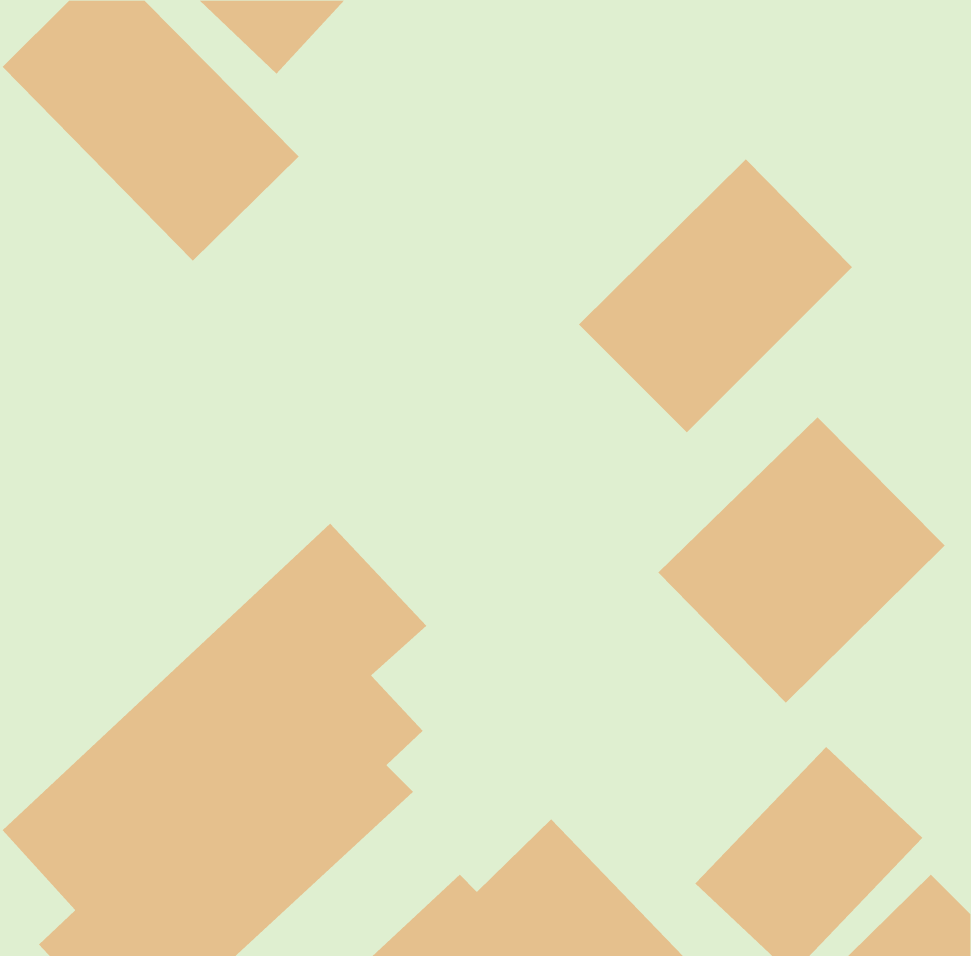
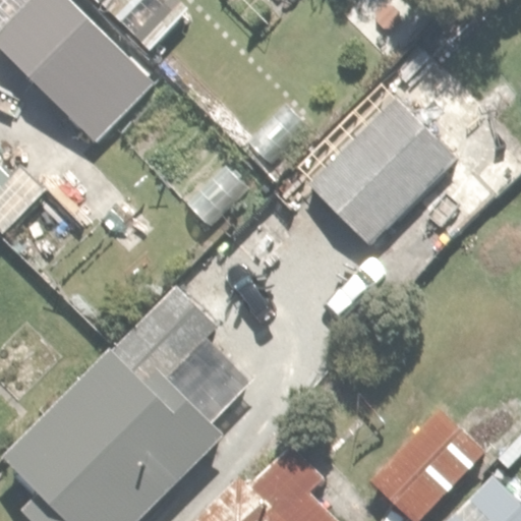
building: [657,416,946,704] -> none

